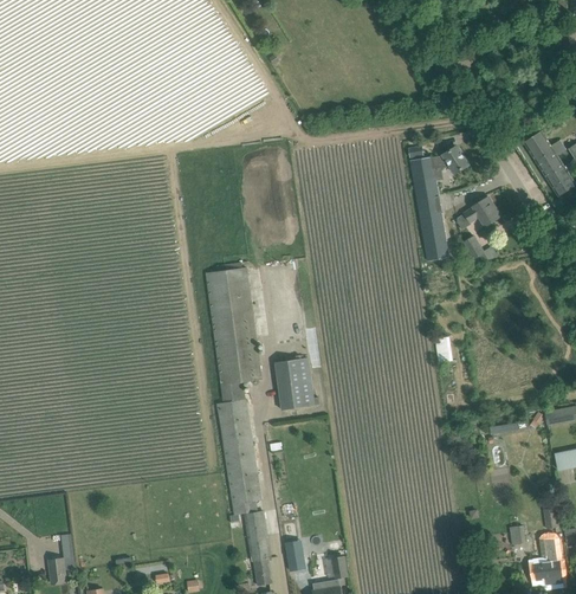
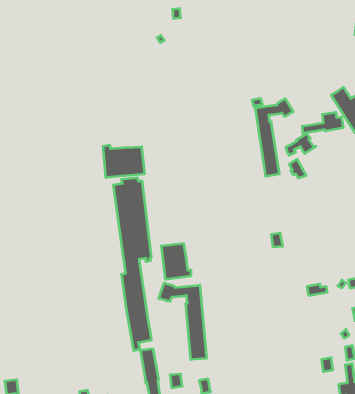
building: none -> [302,112,343,133]
building: none -> [103,145,144,178]
building: none -> [159,283,206,360]

